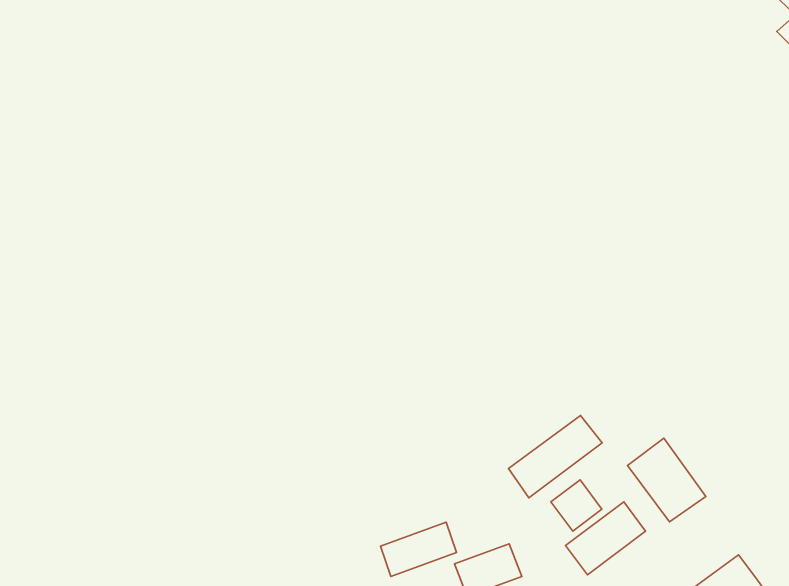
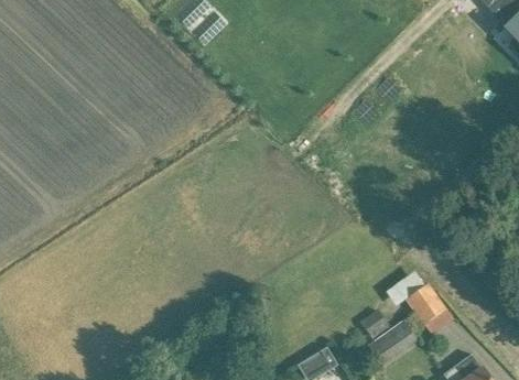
building: [508,415,602,498] -> none
building: [381,522,457,577] -> none

